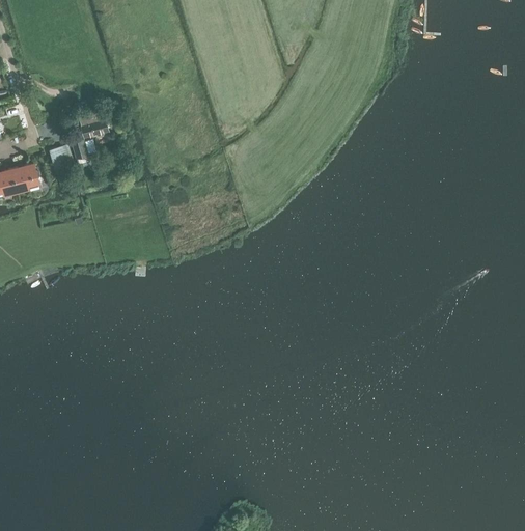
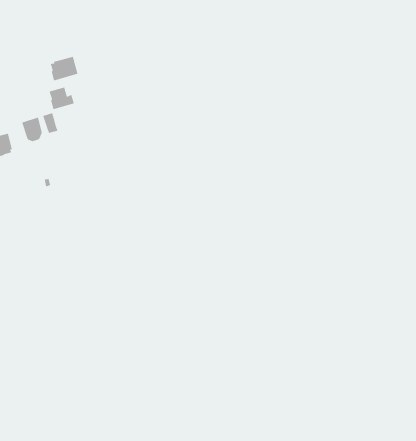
building: none -> [50,56,79,81]

